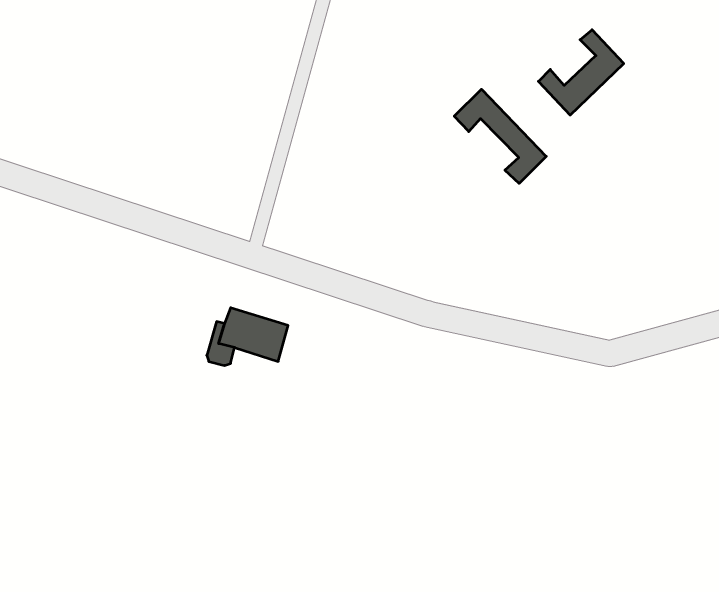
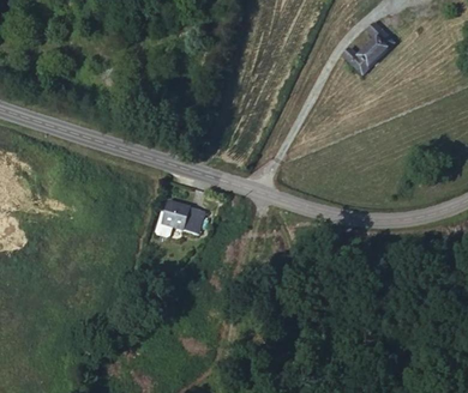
building: [454,89,546,183] -> none

